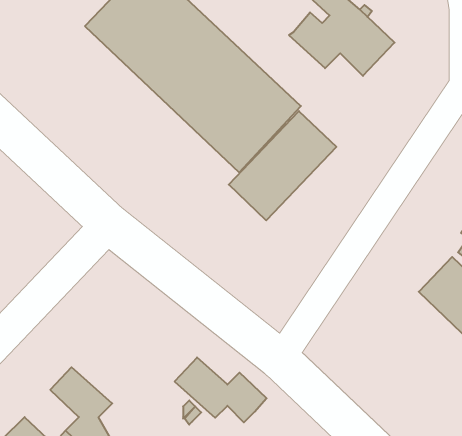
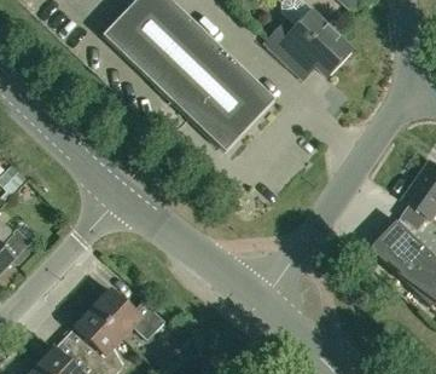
building: [229,111,336,220] -> none
building: [175,357,267,422] -> [92,287,165,339]

